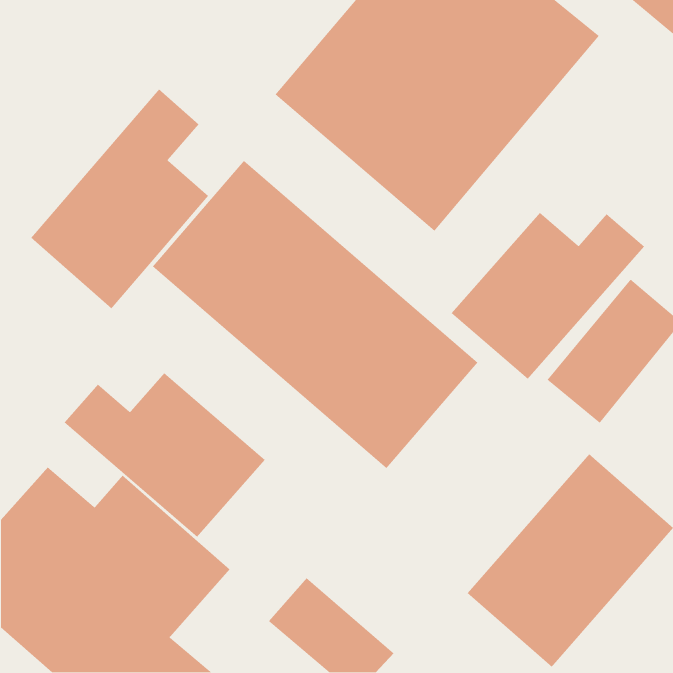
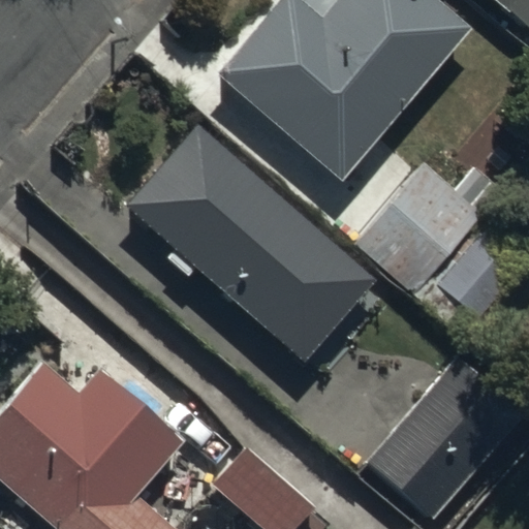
building: [30,89,209,309] -> none
building: [63,372,266,538] -> none

